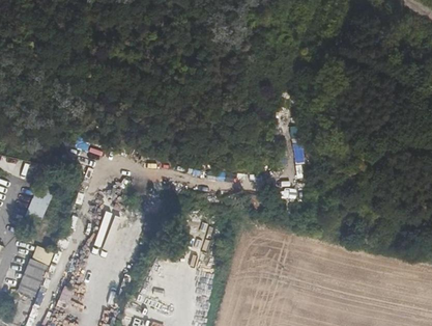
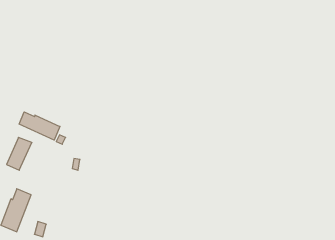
building: none -> [19,112,60,140]

